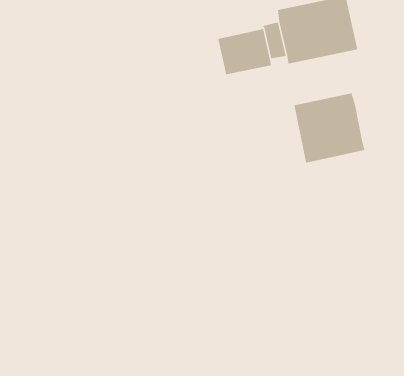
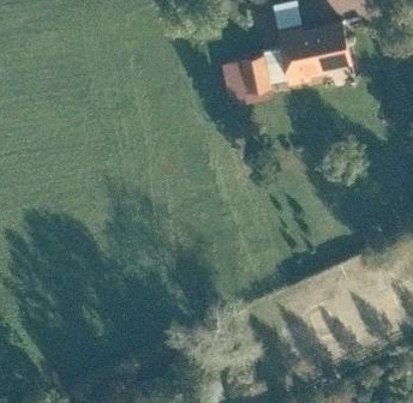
building: [294,92,365,163] -> none

